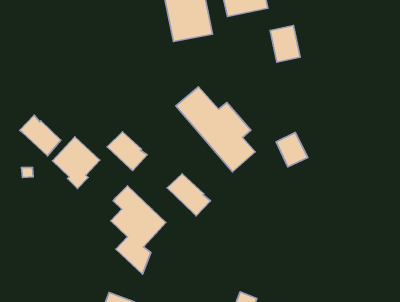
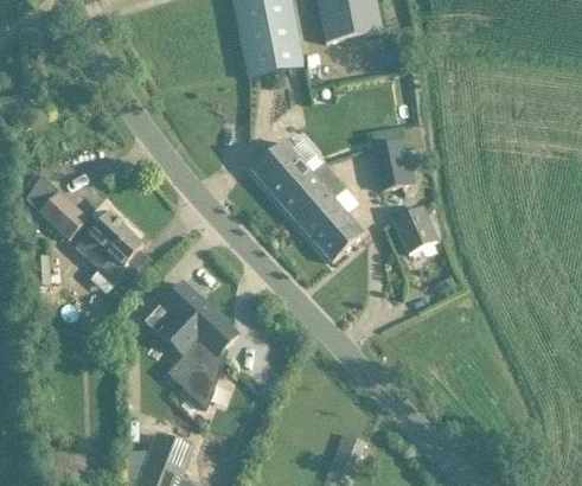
building: [270,25,300,62] -> [371,136,414,188]
building: [107,132,147,171] -> none
building: [167,174,211,216] -> none

